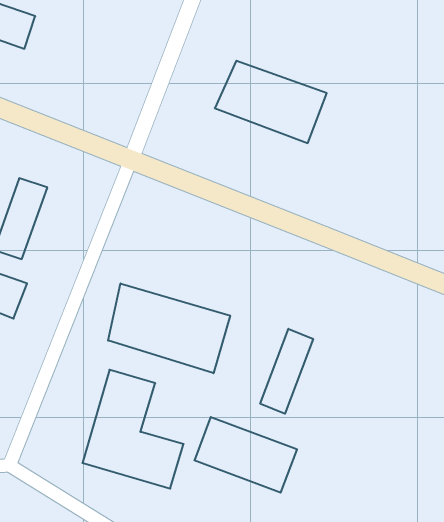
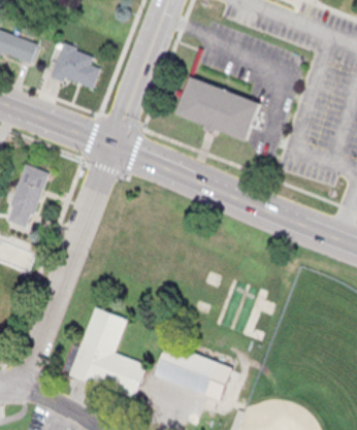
building: none -> [50,42,99,88]
building: [108,283,230,373] -> none
building: [260,329,313,414] -> none

